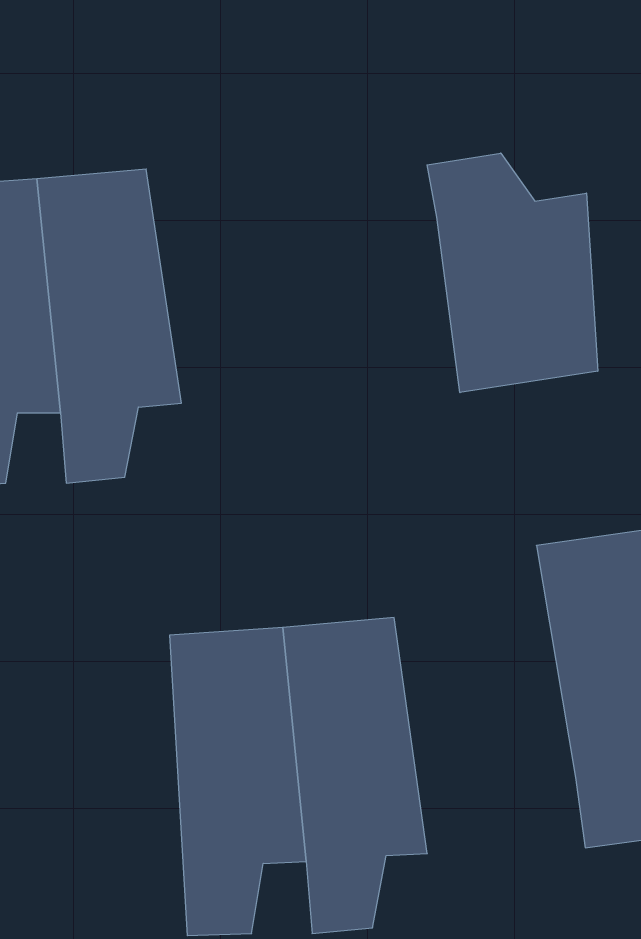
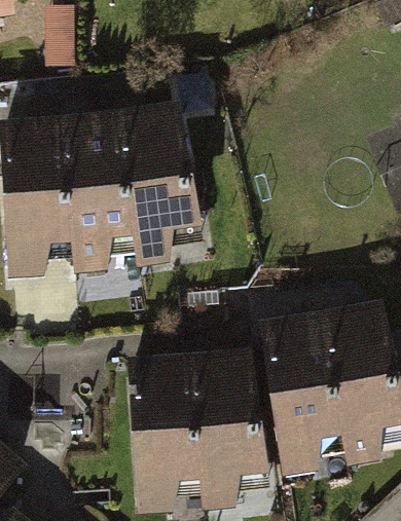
building: none -> [116,100,198,268]
building: [427,153,598,393] -> none
building: none -> [262,309,342,474]

